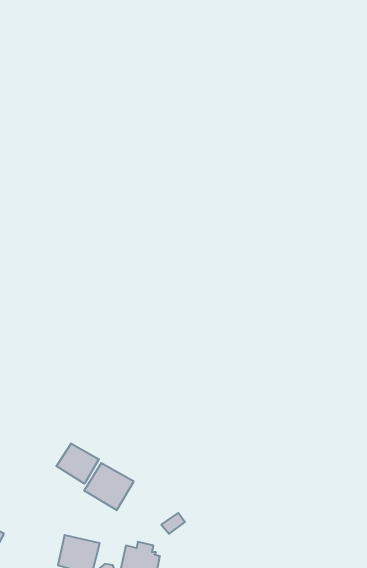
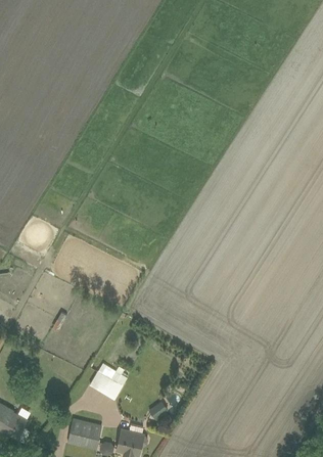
building: [56,443,99,484] -> none

